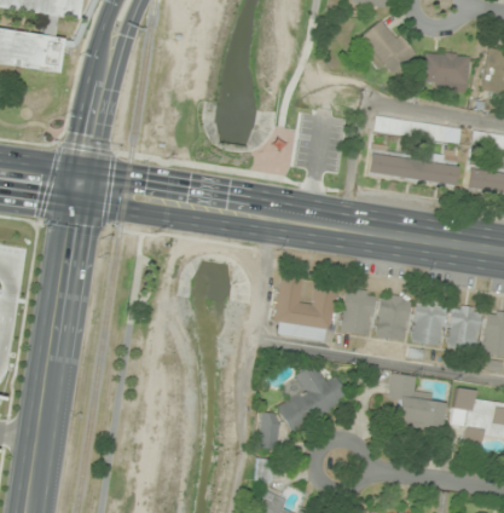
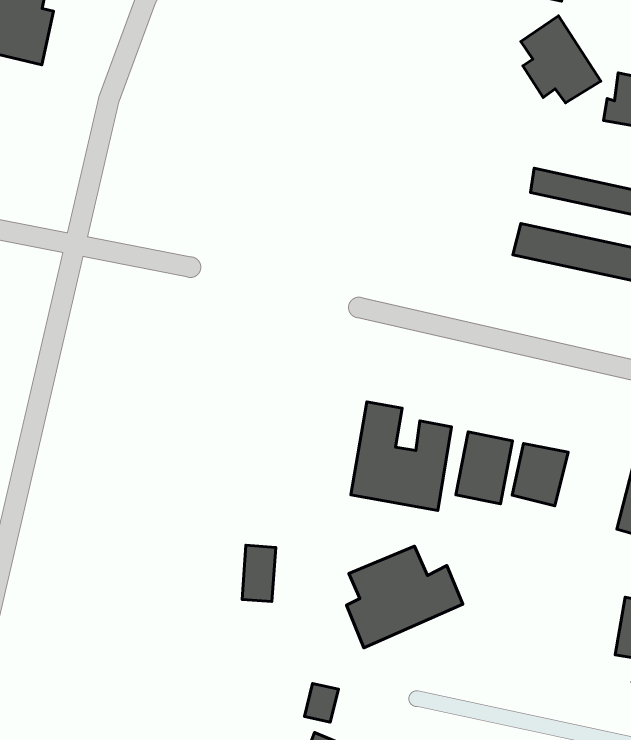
building: [412,300,446,345] -> none
building: [389,374,445,430] -> none
building: [260,414,279,449] -> [242,545,276,602]

